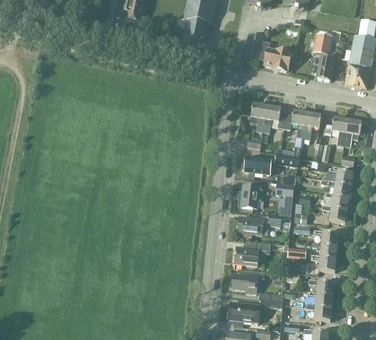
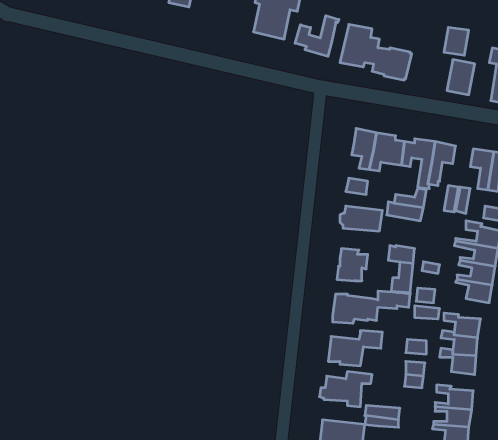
building: none -> [295,16,339,56]

